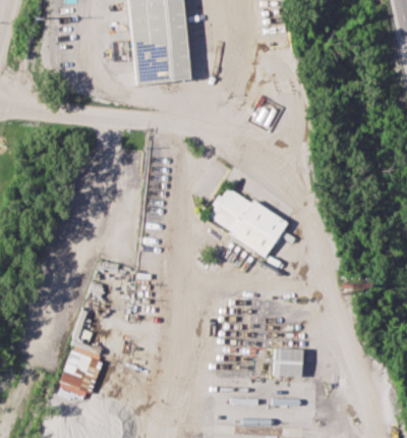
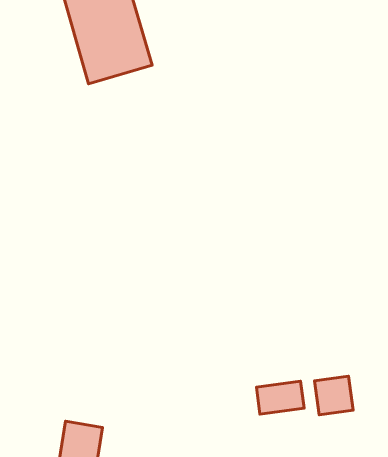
building: [210,187,288,257] -> none
building: none -> [256,381,304,414]

